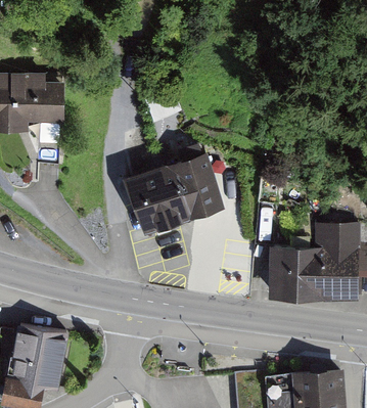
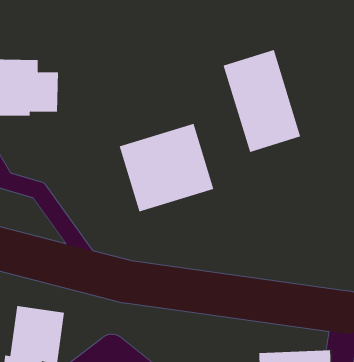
building: none -> [223,49,301,153]
building: [267,221,358,299] -> none

